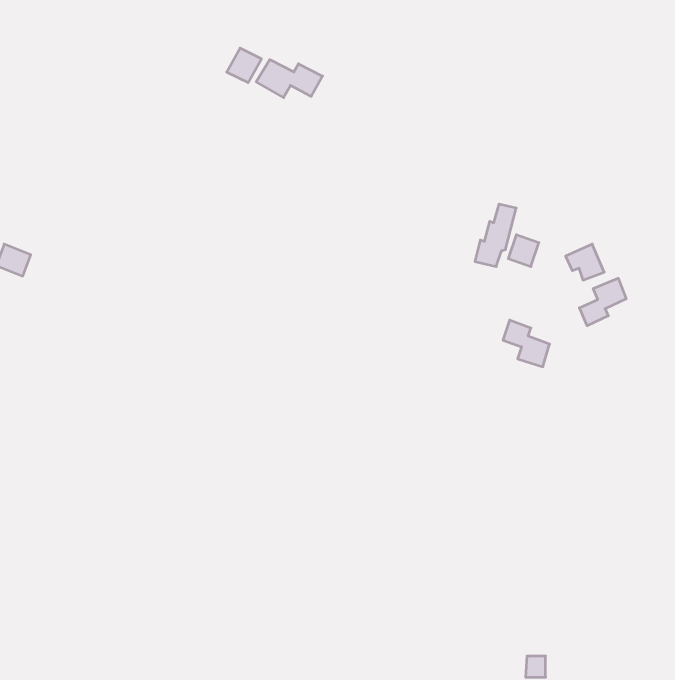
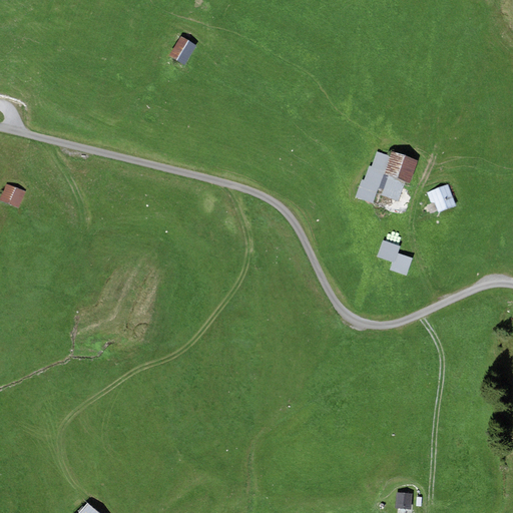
building: [256,60,323,98] -> none
building: none -> [386,152,419,181]
building: [579,278,626,326] -> none

